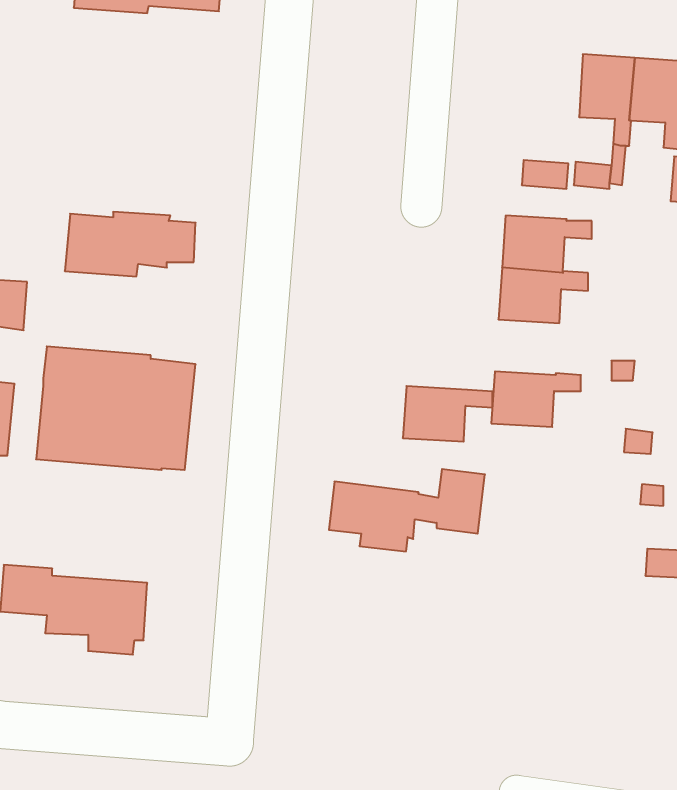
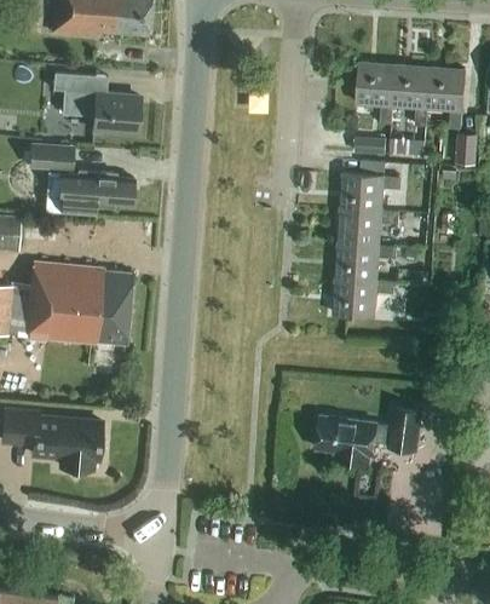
building: none -> [357,62,394,123]
building: none -> [52,73,139,133]
building: none -> [29,143,74,171]
building: none -> [6,287,30,338]
building: [403,386,492,442] -> [335,243,396,281]
building: [329,469,485,551] -> [316,407,421,462]

